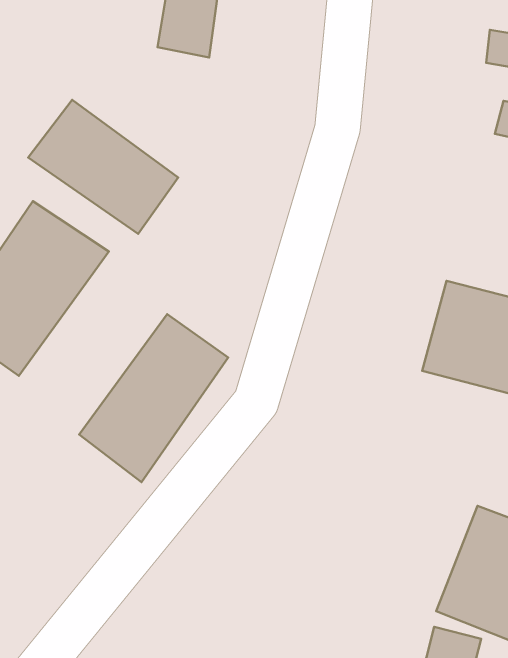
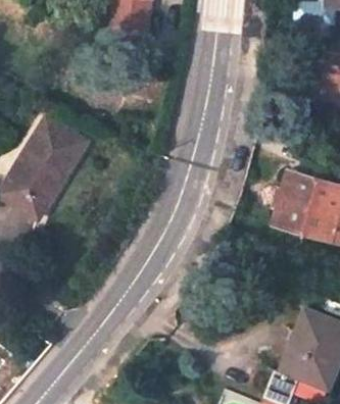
building: [28,100,178,234] -> none
building: [79,314,228,482] -> none

